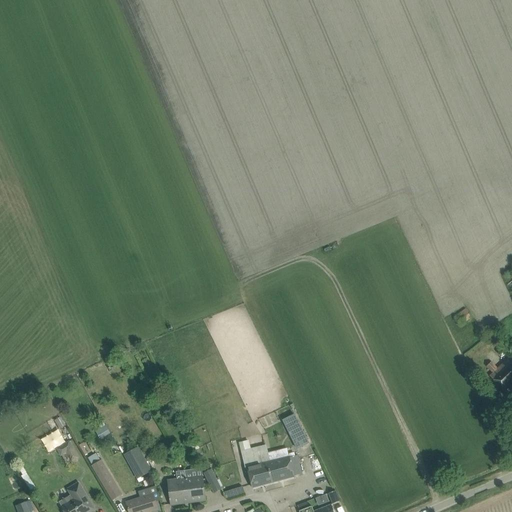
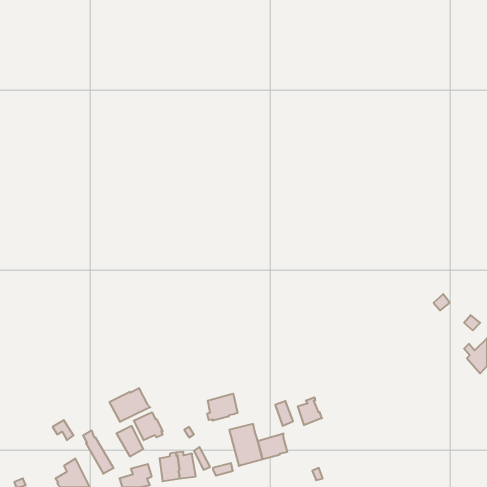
building: none -> [110,388,150,422]
building: none -> [207,394,238,421]
building: none -> [298,397,322,425]
building: none -> [134,412,163,440]

